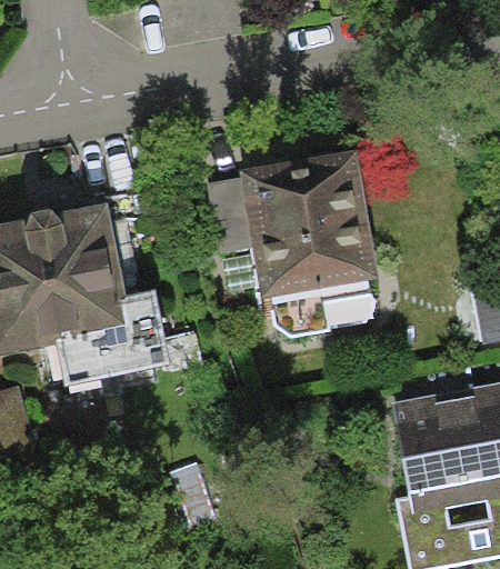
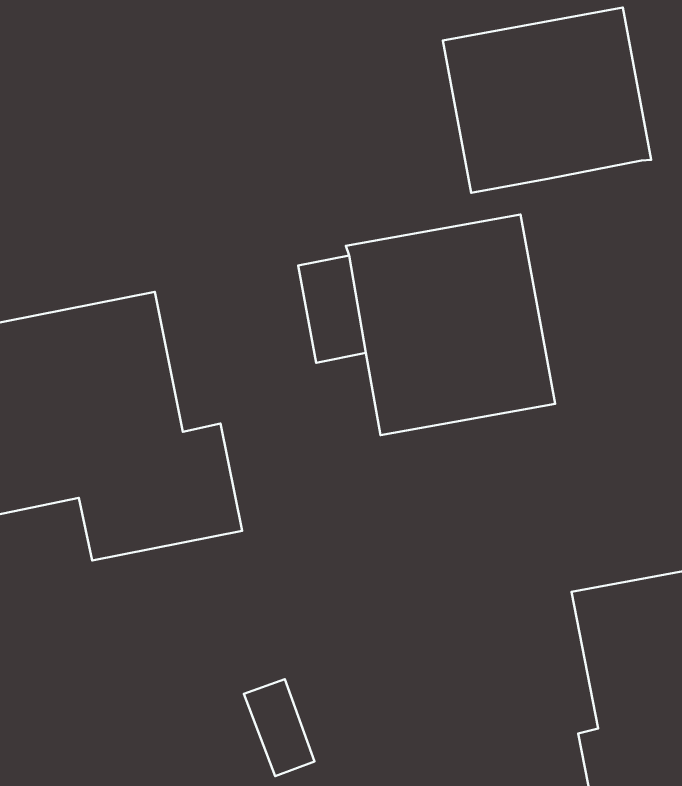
building: none -> [443,8,651,193]

